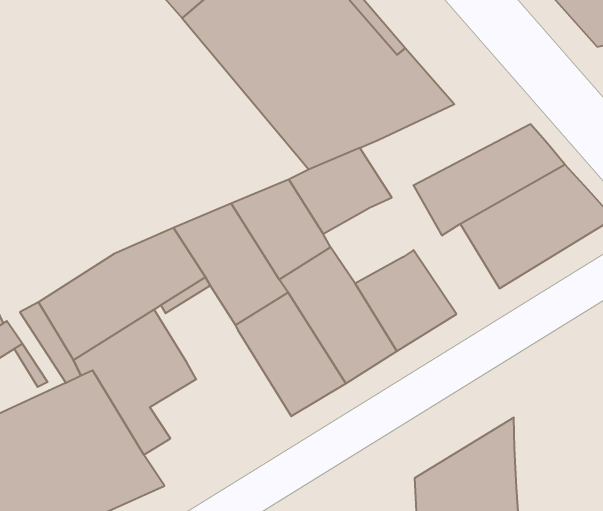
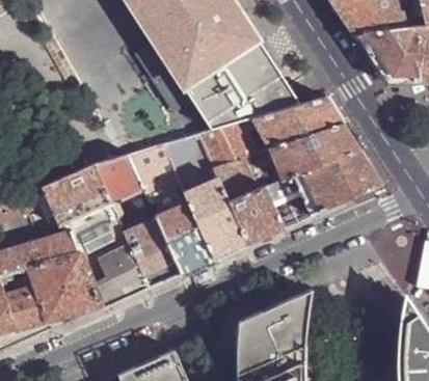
building: none -> [253,100,343,151]
building: none -> [214,160,259,202]
building: none -> [265,176,312,228]
building: none -> [92,220,181,308]

